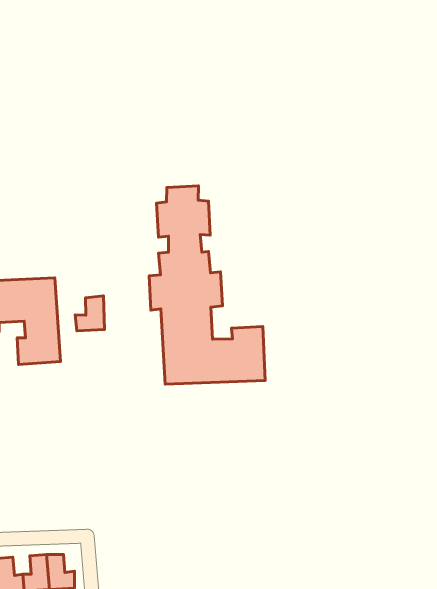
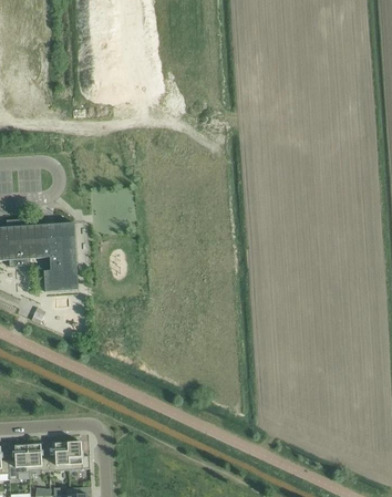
building: [149,186,265,384] -> none
building: [75,296,104,331] -> none

